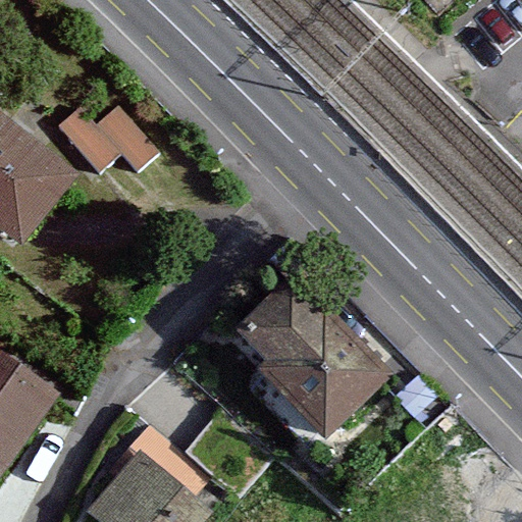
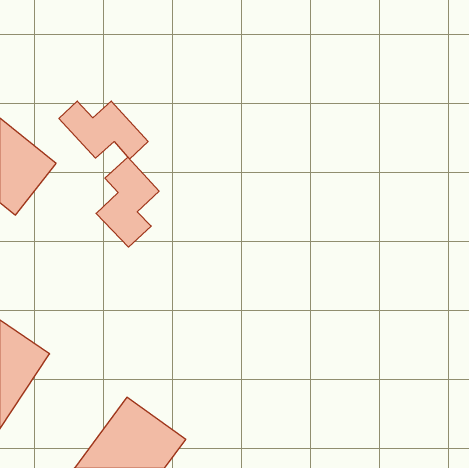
building: none -> [96,157,159,247]
building: [246,284,384,432] -> none

